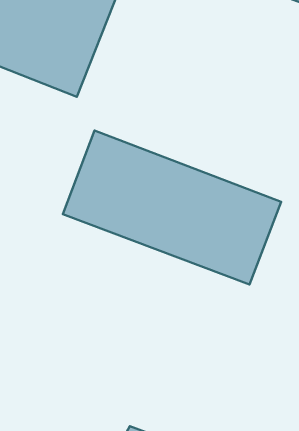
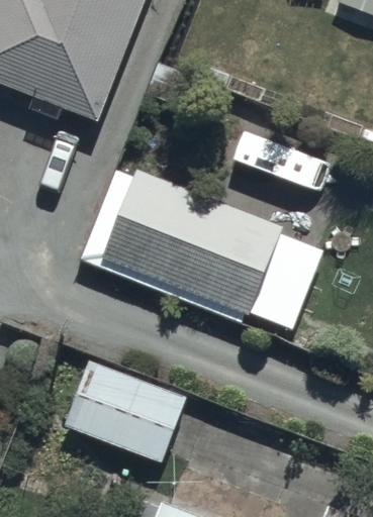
building: none -> [64,363,184,461]

